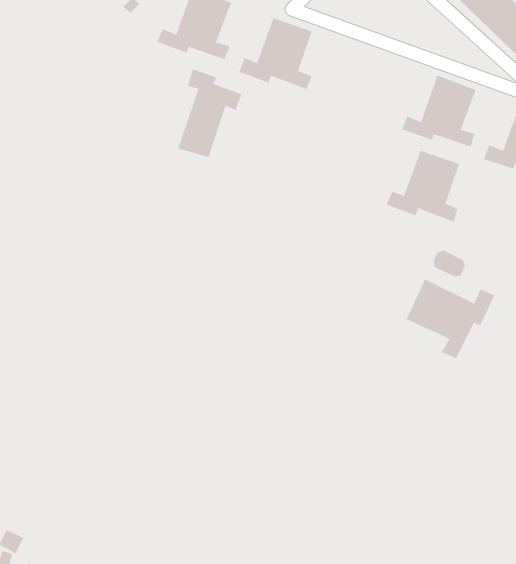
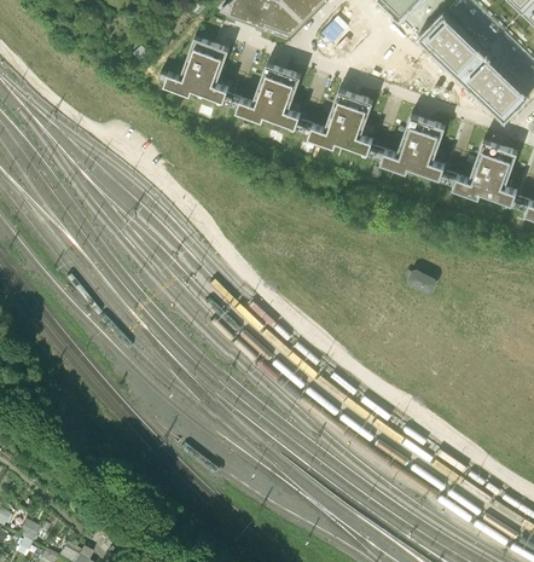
building: [178,68,242,158] -> none
building: [386,150,460,223] -> [308,91,373,155]
building: [406,279,495,359] -> none

